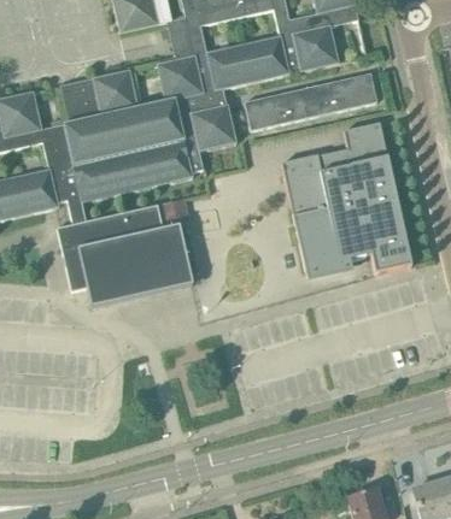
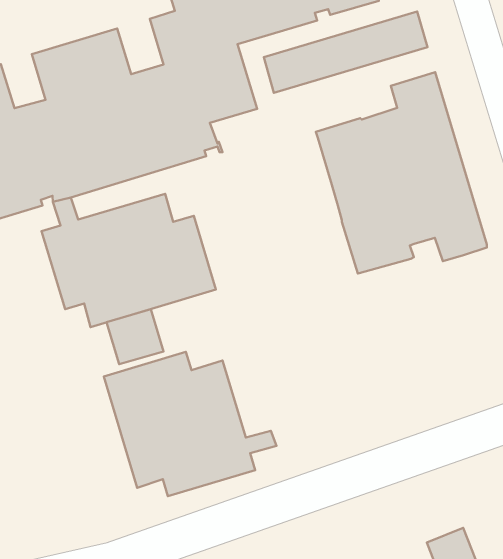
building: none -> [107,309,164,364]
building: none -> [104,352,277,496]

